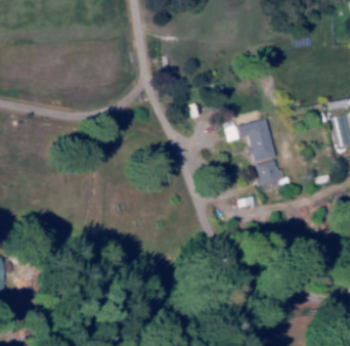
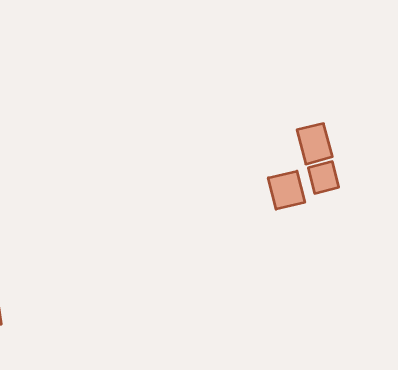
building: none -> [268,171,305,209]

